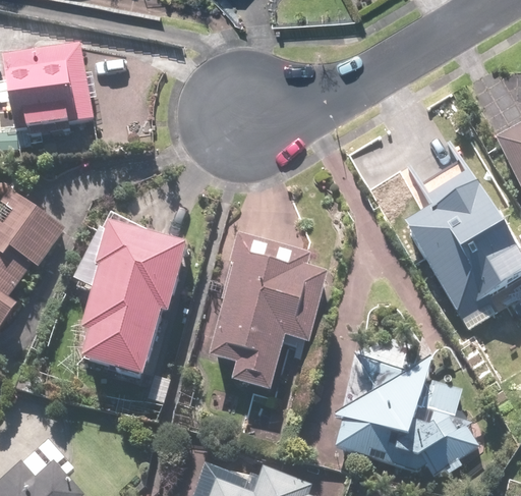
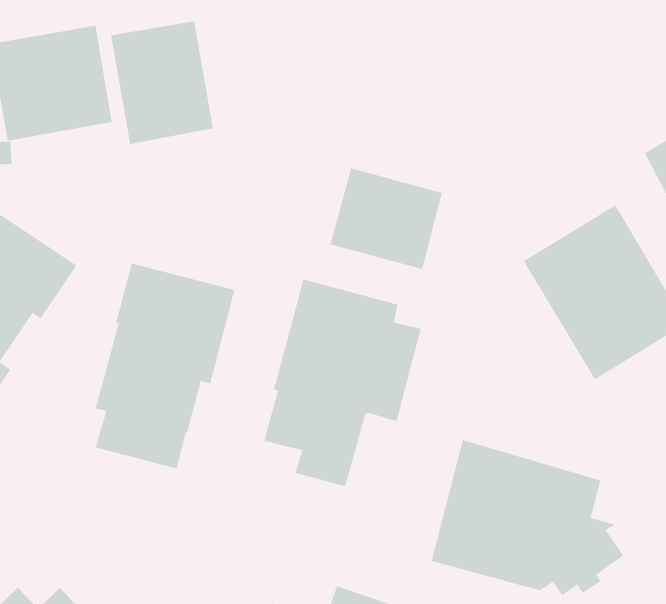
building: none -> [110,20,213,145]
building: none -> [330,168,442,270]

